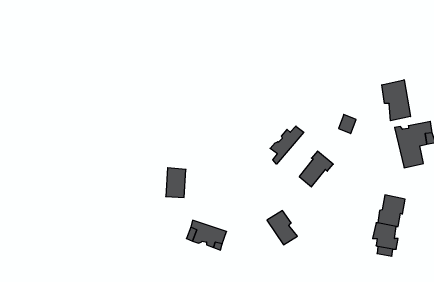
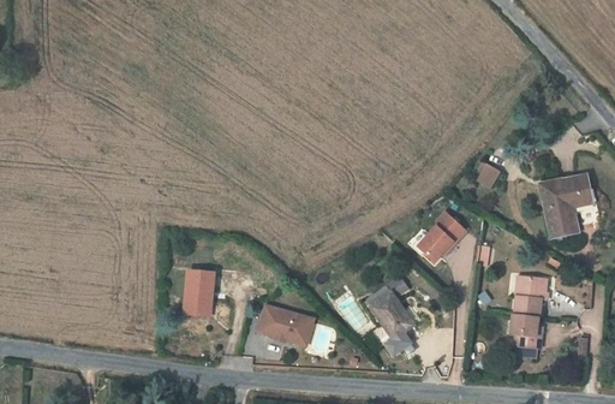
building: [382,80,410,121] -> none
building: [270,126,304,164] -> none
building: [166,168,186,197] -> [185,274,213,315]

